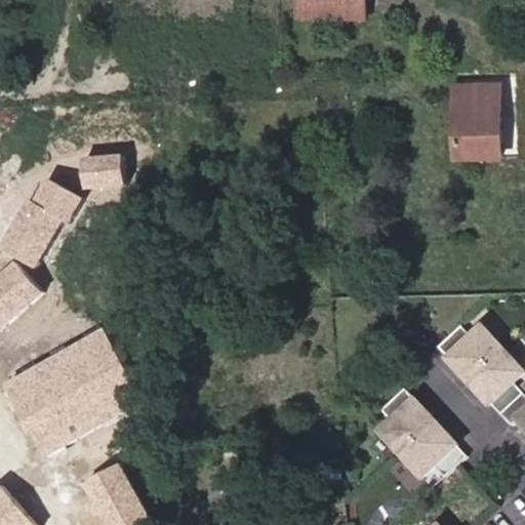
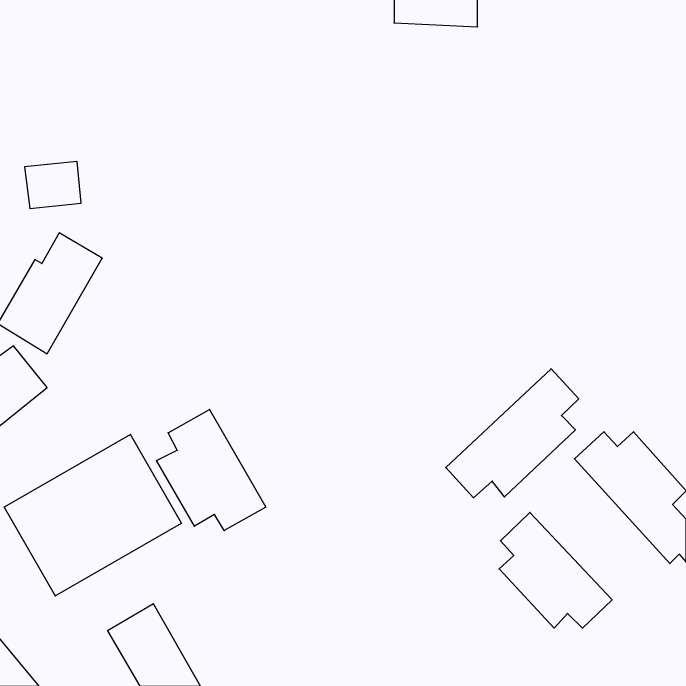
building: [459,86,499,157] -> none
building: [79,152,122,188] -> [25,161,81,209]
building: none -> [446,369,579,498]
building: none -> [156,409,266,531]

